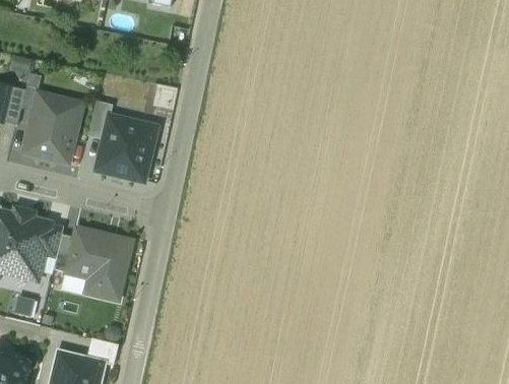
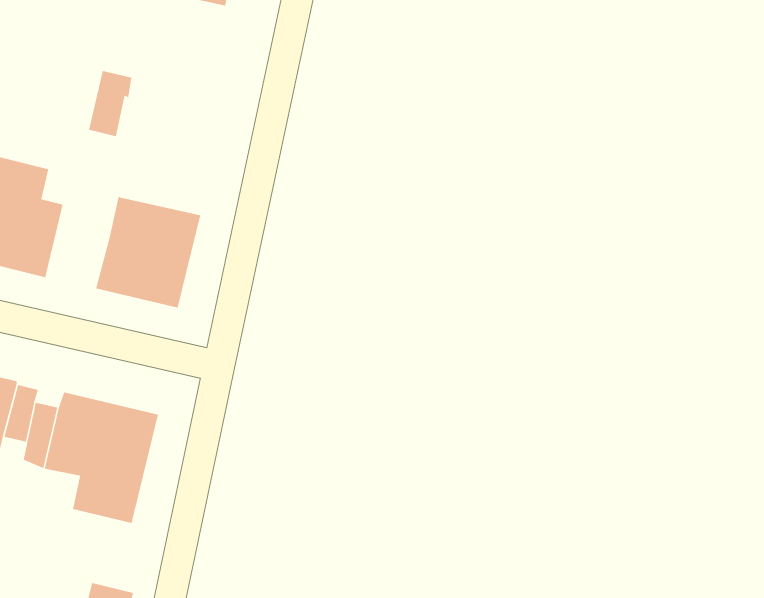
building: [87,100,113,138] -> [88,70,132,137]

